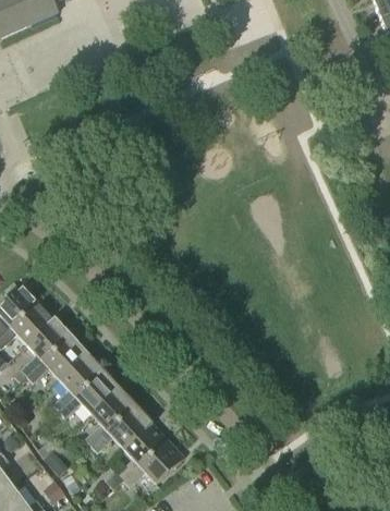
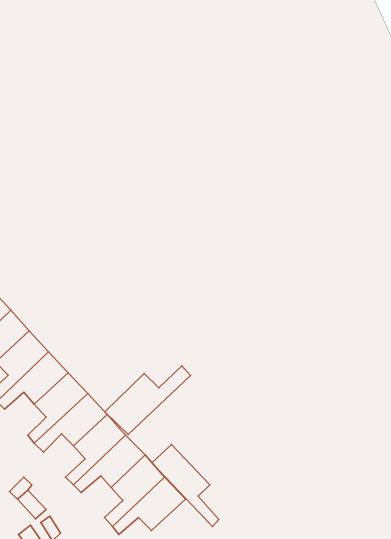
building: none -> [105,366,190,435]
building: none -> [152,445,219,526]

